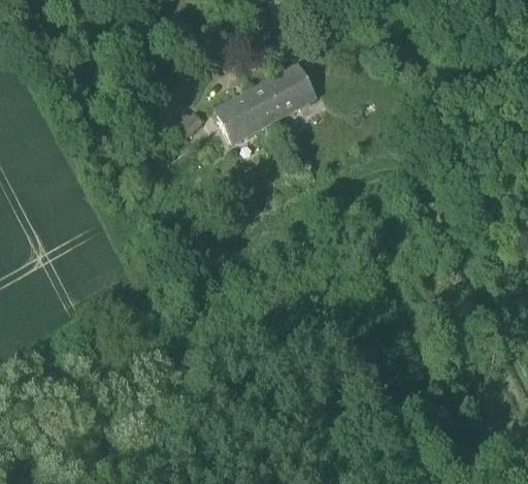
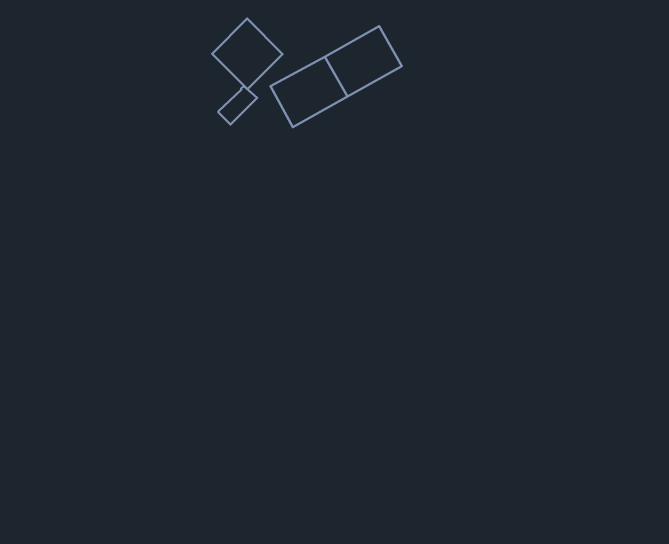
building: none -> [212,19,283,89]

